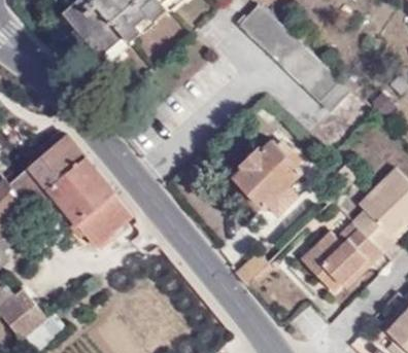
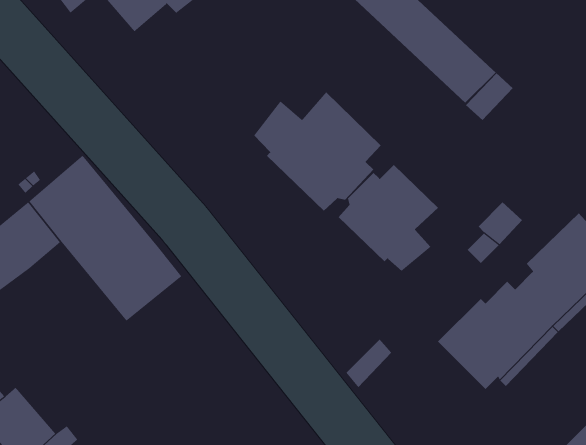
building: none -> [254,92,382,212]

